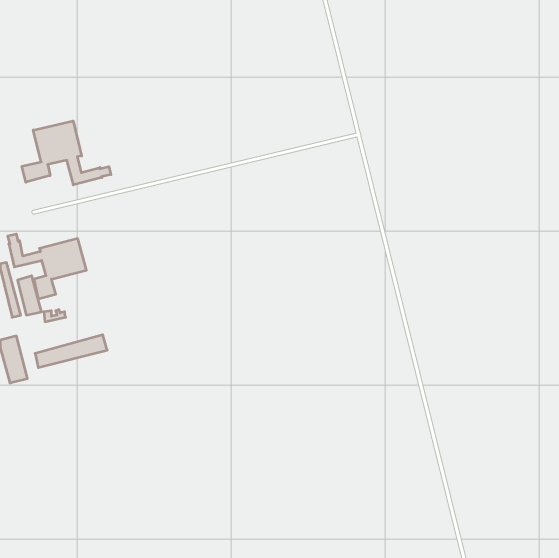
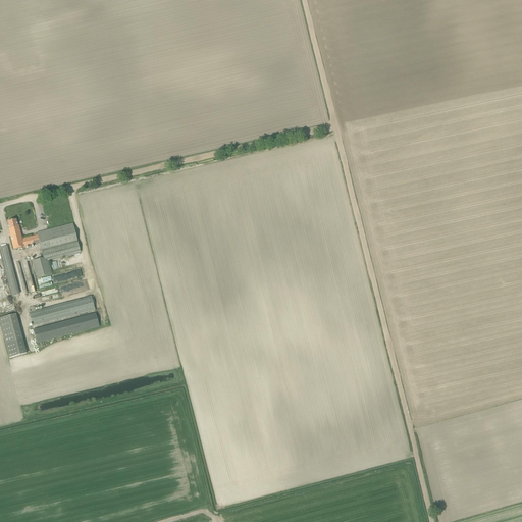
building: [22,121,111,185] -> none
building: none -> [28,296,95,326]

